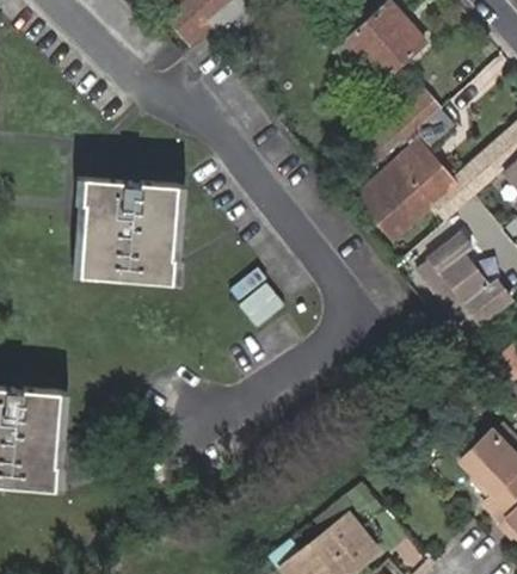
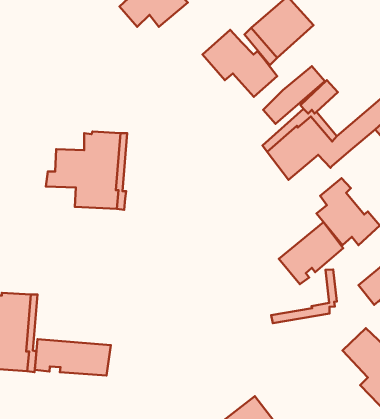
building: none -> [203,30,277,97]
building: [74,172,131,272] -> none
building: none -> [279,222,343,284]
building: none -> [271,270,337,323]
building: none -> [35,339,111,375]

